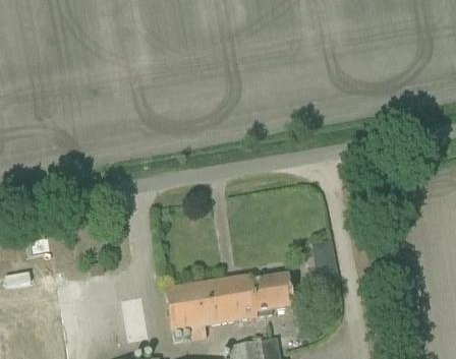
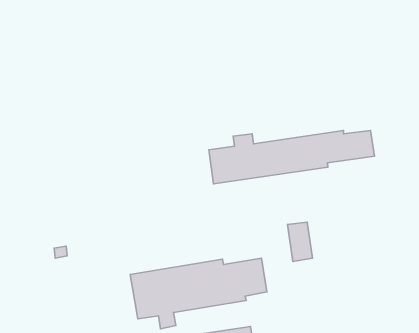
building: none -> [209,131,374,184]

